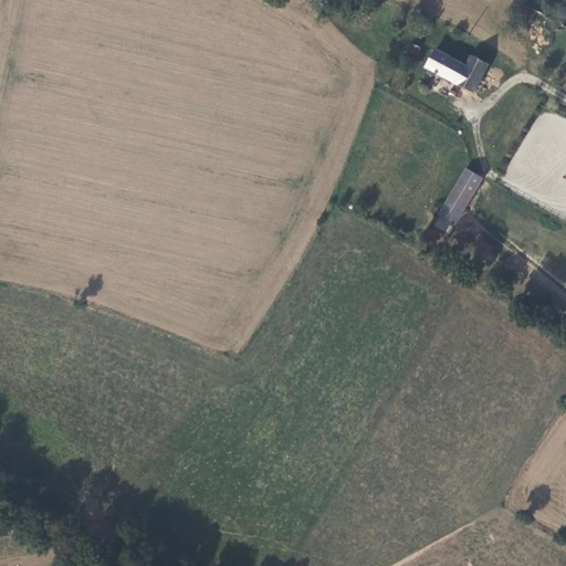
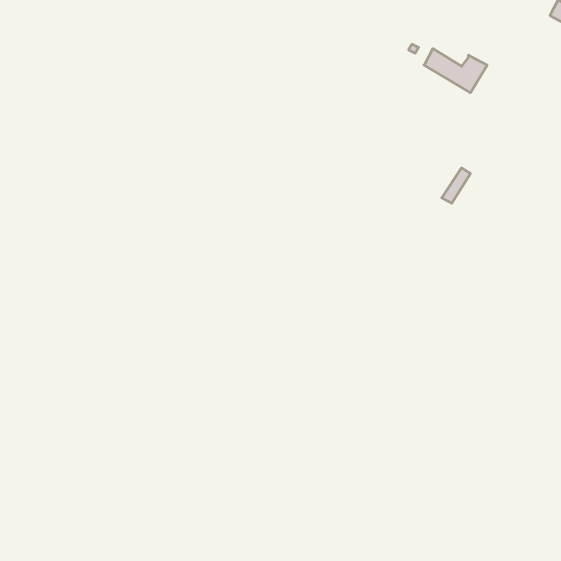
building: [436,174,481,223] -> none

